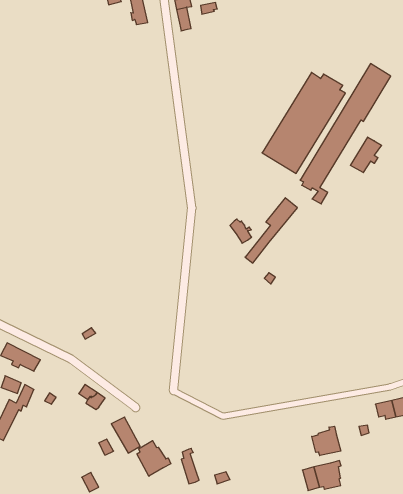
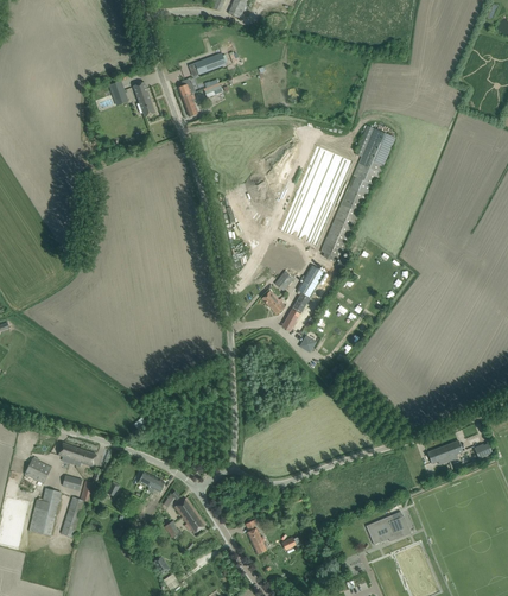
building: [350,137,382,173] -> none
building: [312,426,341,456] -> none
building: [137,441,171,476] -> none

